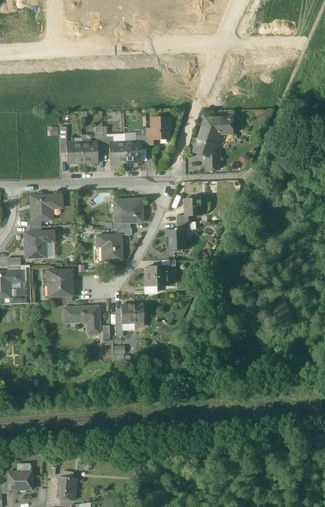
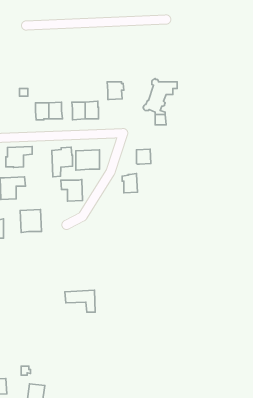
building: none -> [52,147,73,177]
building: [146,265,169,285] -> none
building: [121,303,143,321] -> none
building: [63,306,99,332] -> [65,290,95,312]

